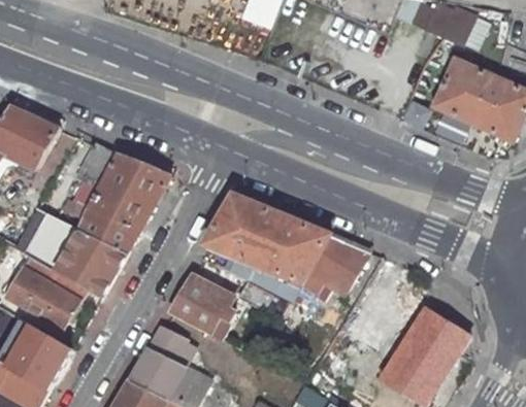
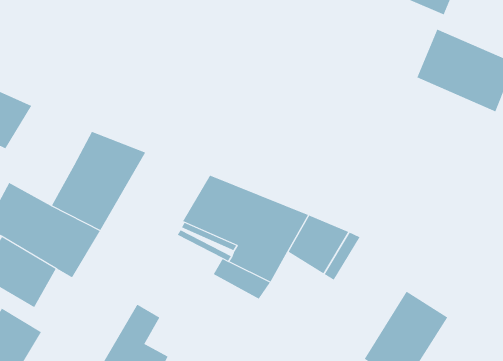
building: [75,144,118,188] -> none
building: [169,271,232,336] -> none

